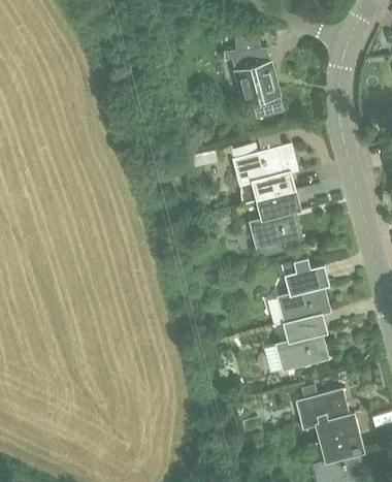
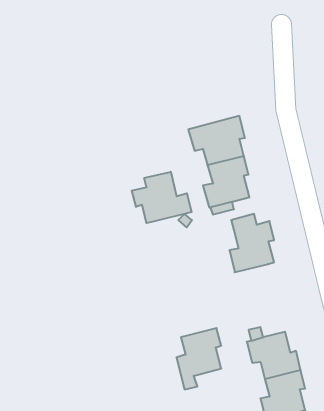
building: [225,34,285,121] -> none
building: none -> [132,172,192,223]
building: [277,314,328,383] -> [176,328,221,389]

